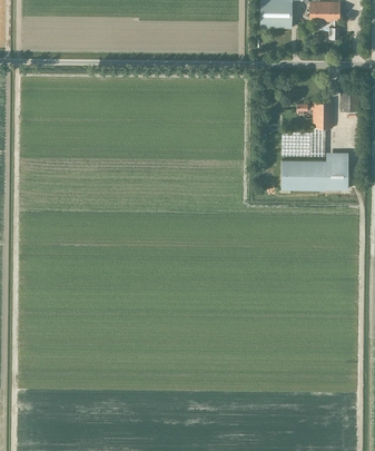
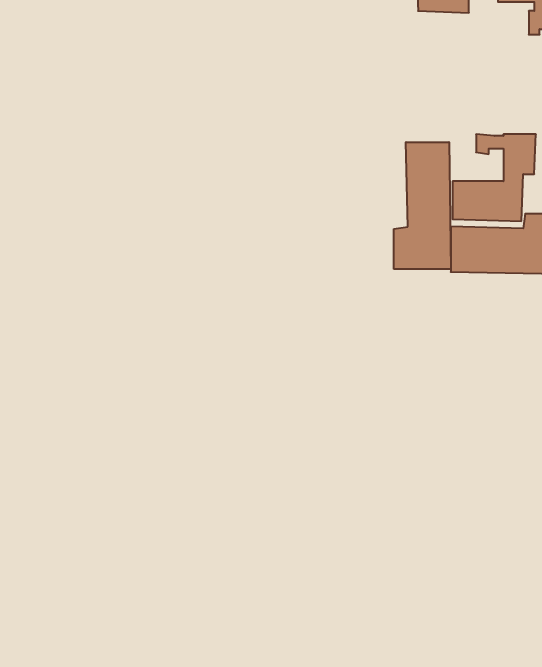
building: none -> [394,142,451,269]

